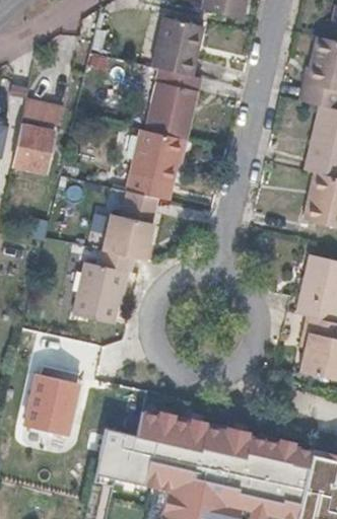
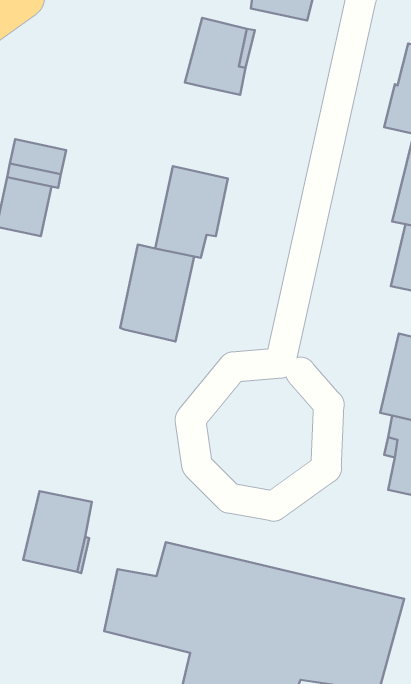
building: [150,67,201,137] -> none
building: [74,249,135,319] -> none

